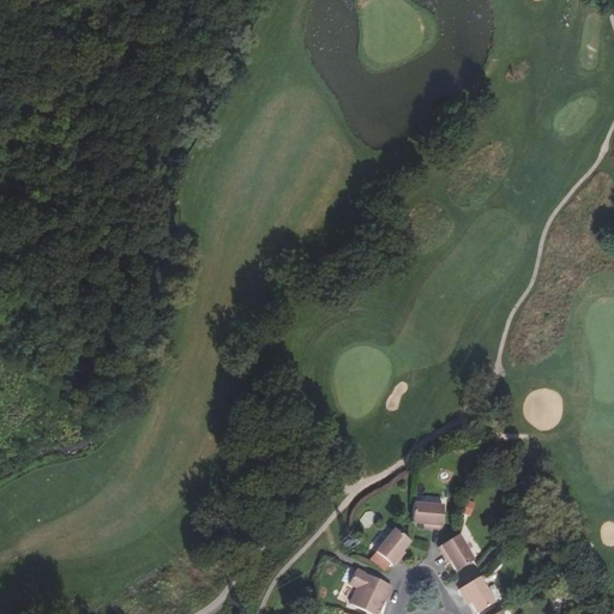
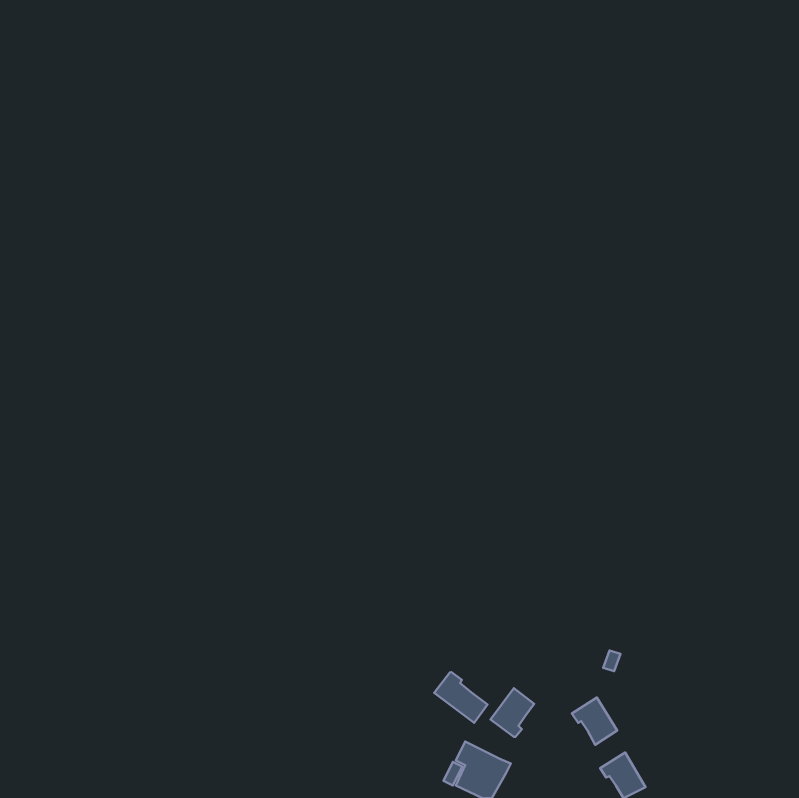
building: [413,500,444,525] -> none
building: none -> [434,672,487,723]

